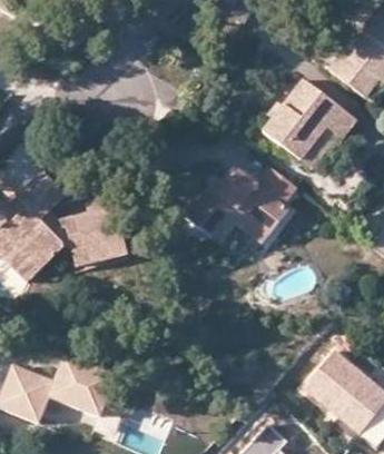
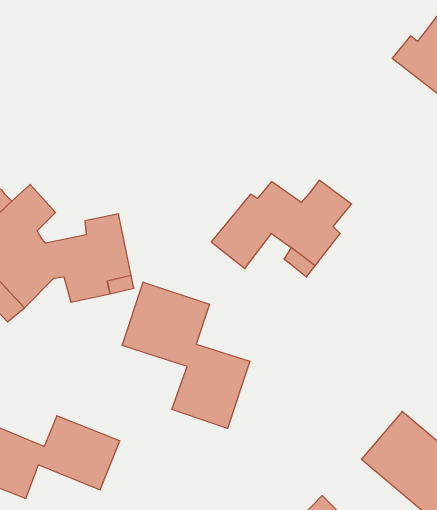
building: [264,82,354,169] -> none
building: none -> [122,282,250,428]

